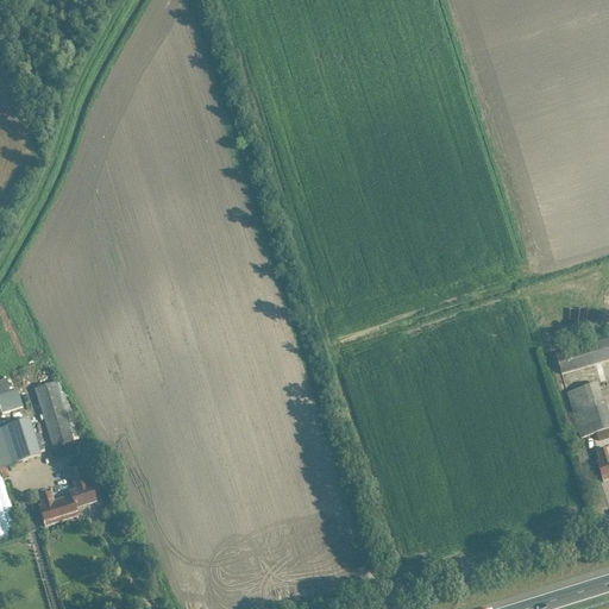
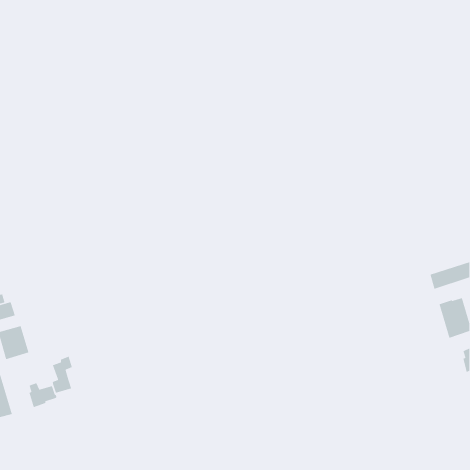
building: [31,381,75,462] -> none

